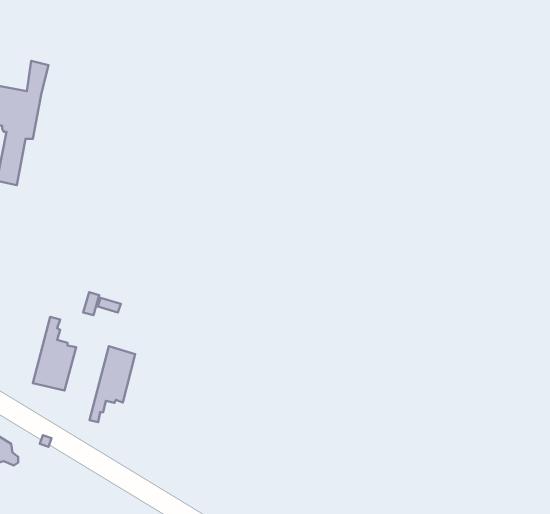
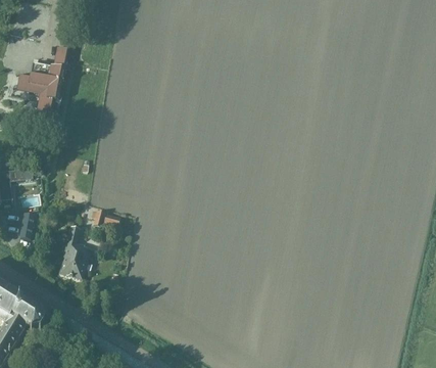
building: [90,346,135,422] -> none

